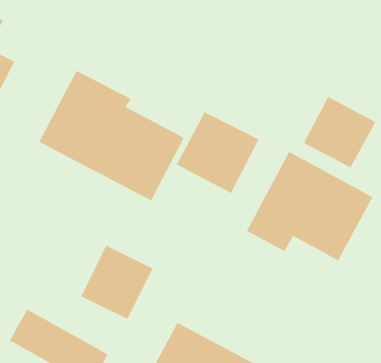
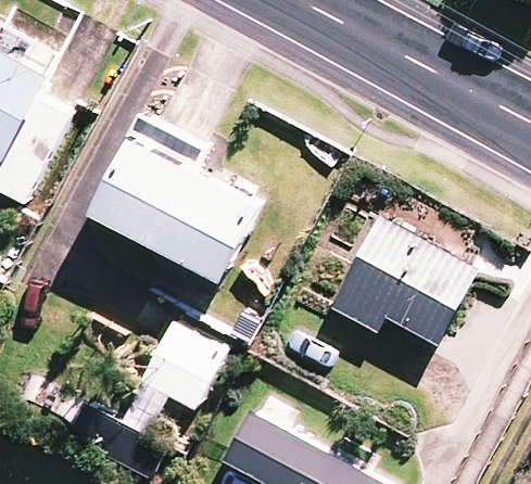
building: [303,96,376,169] -> none
building: [176,111,259,194] -> none

